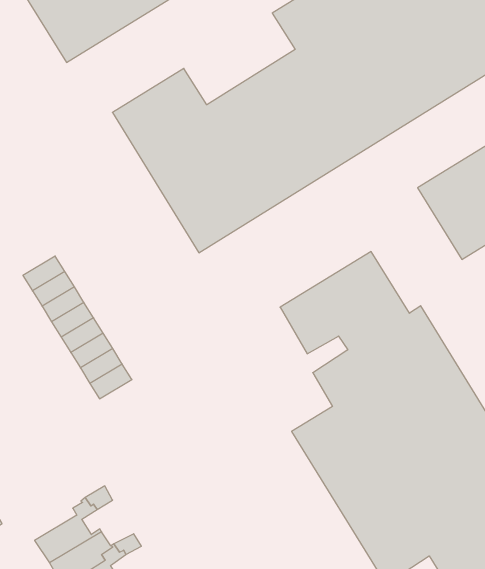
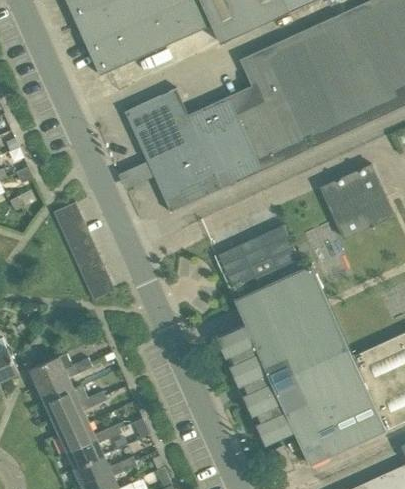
building: none -> [29,352,72,387]

